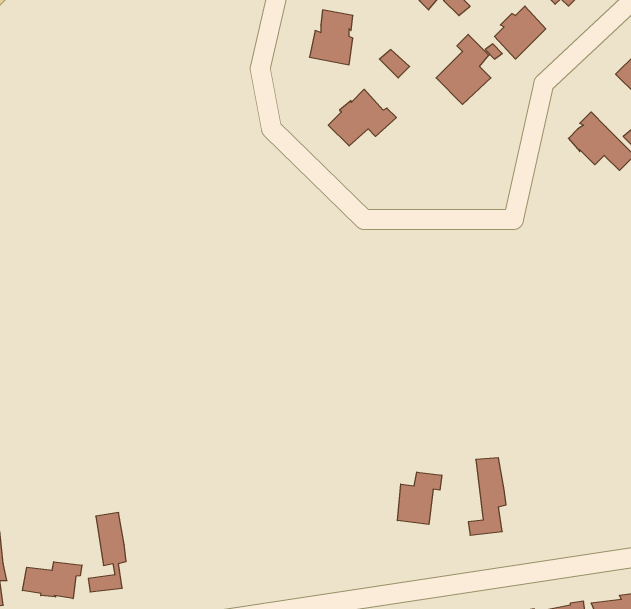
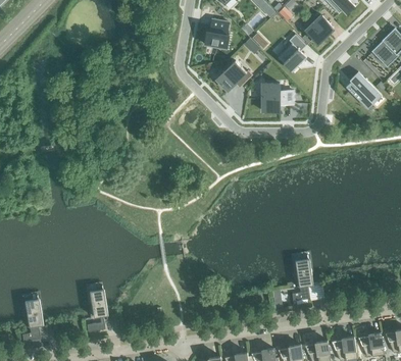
building: none -> [262,83,293,111]
building: [397,472,442,524] -> none
building: [22,562,82,599] -> none

